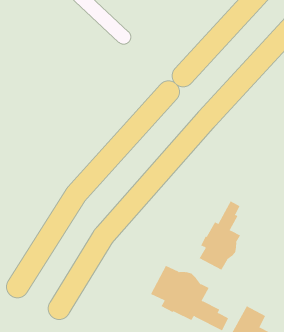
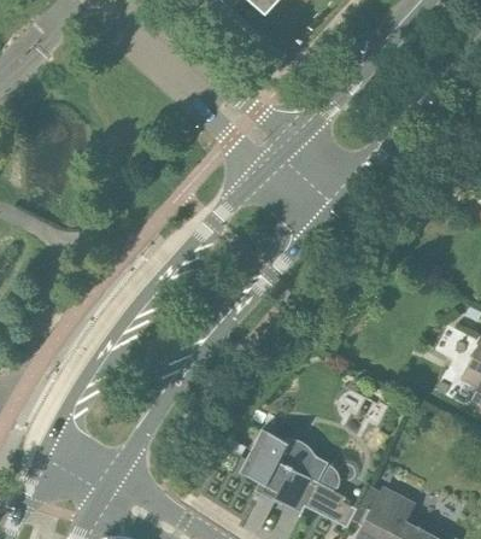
building: [199,200,241,271] -> none

